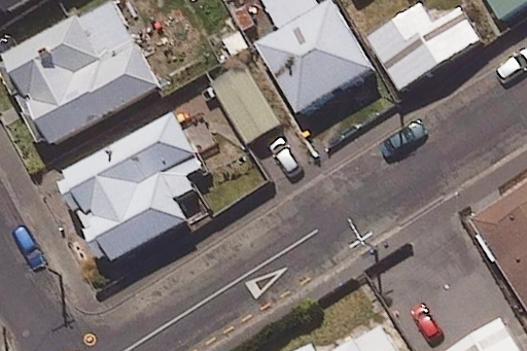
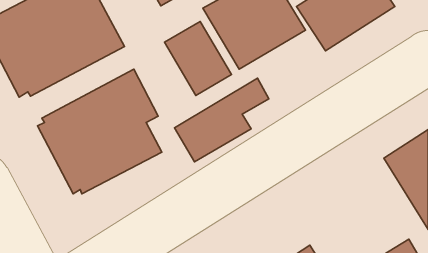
building: none -> [174,78,269,162]

